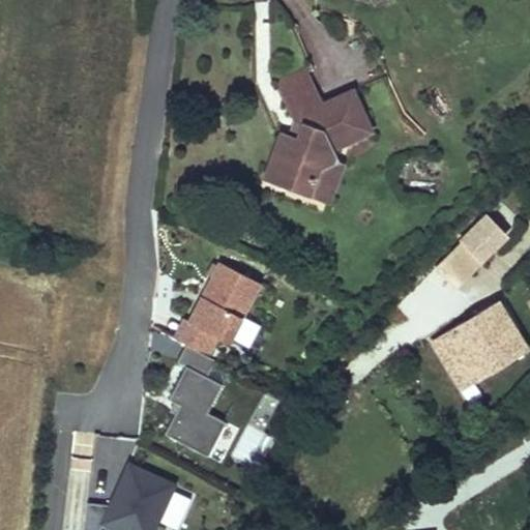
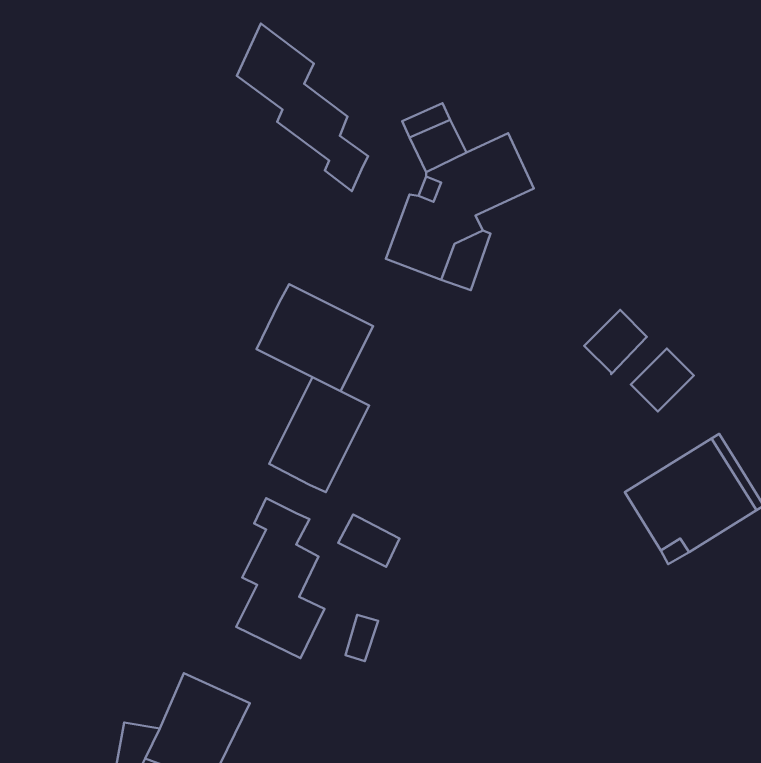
building: none -> [237,23,368,191]
building: none -> [257,284,373,391]
building: [464,217,507,262] -> [584,310,647,374]
building: [174,320,216,356] -> [338,515,400,567]

